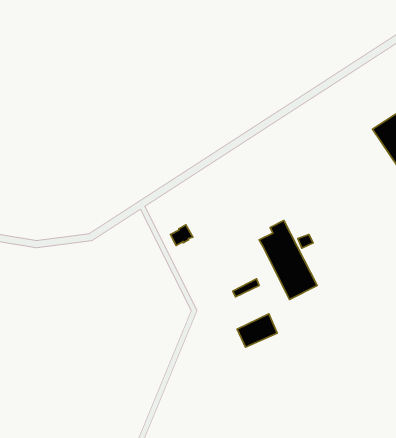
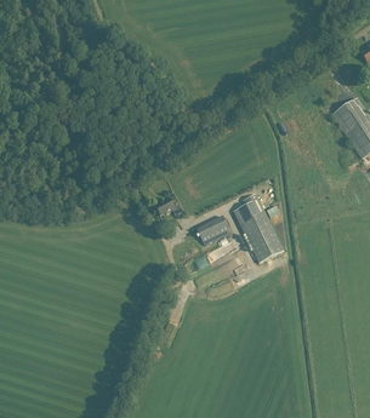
building: [237,314,277,347] -> [195,216,230,245]

